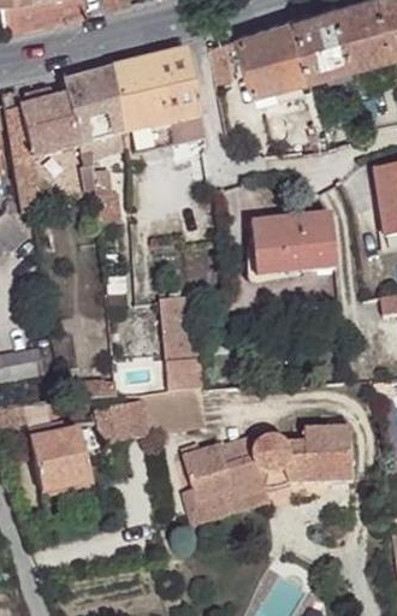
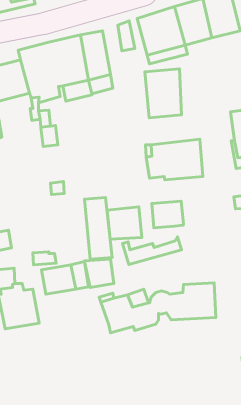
building: none -> [145,69,182,118]
building: none -> [152,201,183,228]
building: none -> [107,207,142,239]
building: [188,478,275,519] -> [122,237,182,264]

